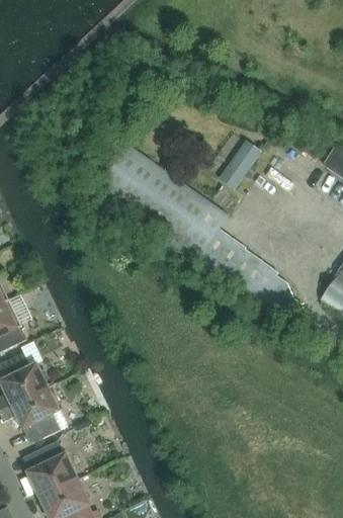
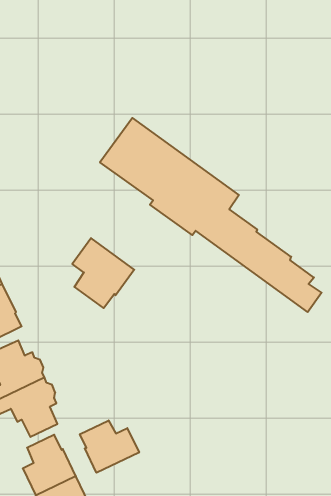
building: [219,140,261,189] -> none
building: none -> [72,238,134,308]
building: none -> [80,420,139,473]

